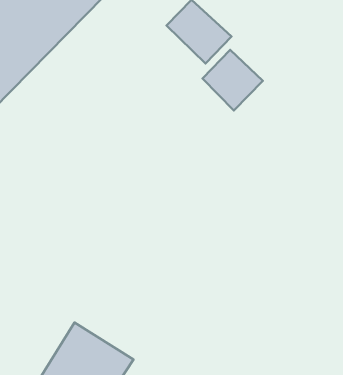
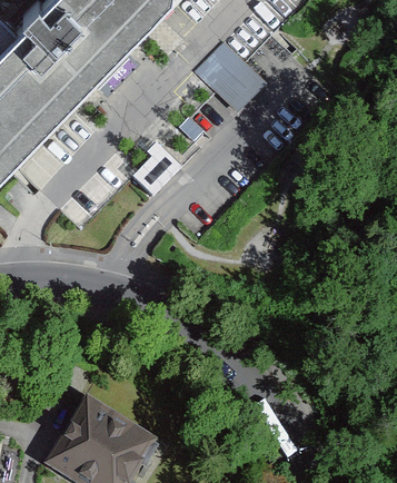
building: [203,50,263,111] -> none

